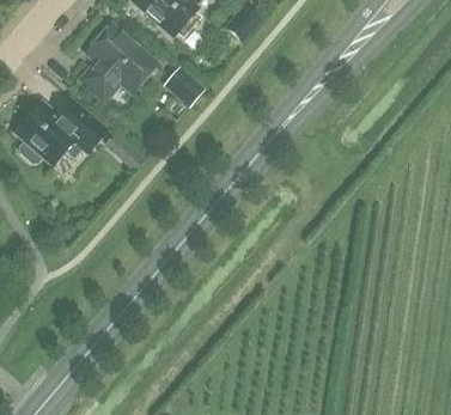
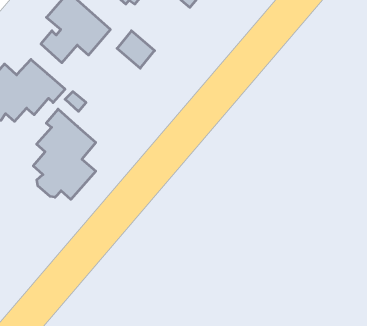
building: none -> [33,109,96,199]

